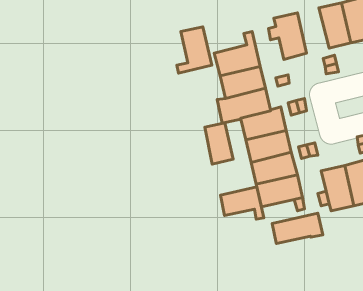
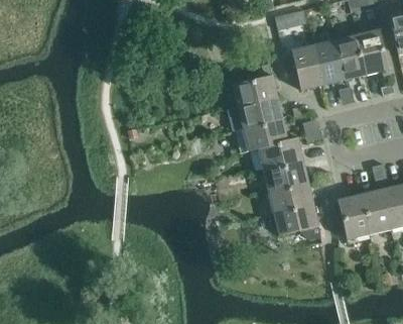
building: none -> [313,40,345,85]
building: [177,27,212,73] -> none
building: [205,123,233,164] -> none
building: [221,187,264,219] -> none
building: [272,213,323,244] -> none

